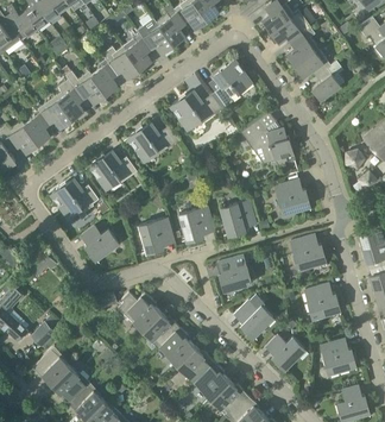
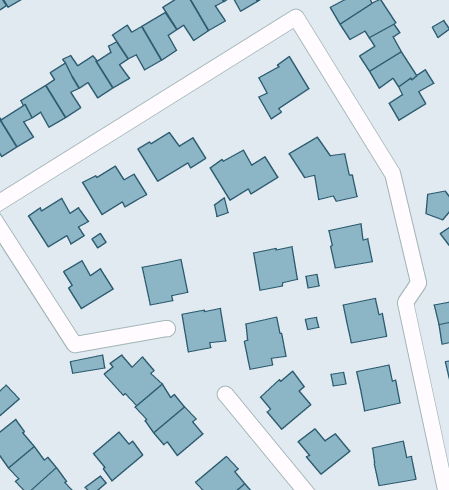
building: [171,93,222,131] -> [210,150,278,200]
building: [179,208,214,243] -> [182,308,226,352]
building: [177,347,214,384] -> [93,432,143,481]

